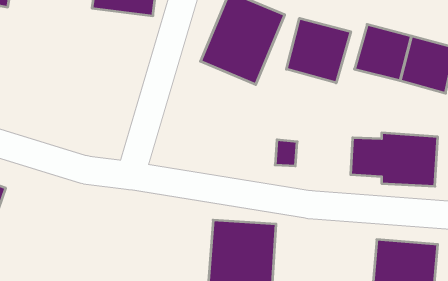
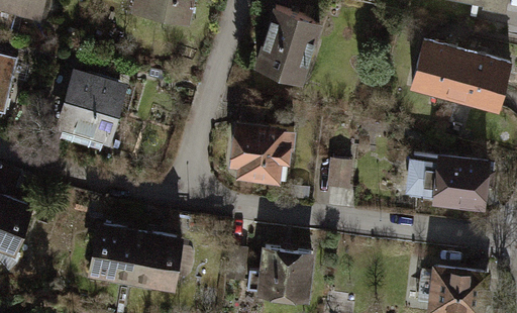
building: [286,18,351,83] -> none
building: none -> [59,67,131,155]
building: none -> [227,119,293,184]
building: none -> [87,222,186,293]

